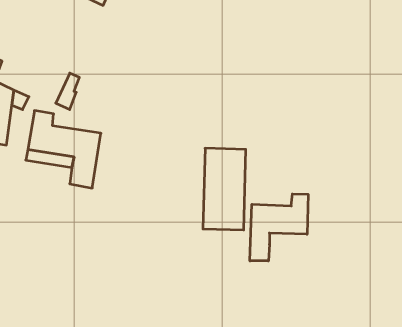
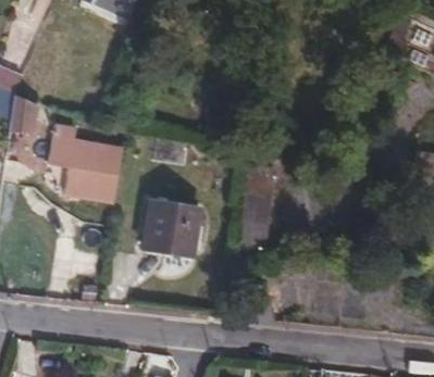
building: none -> [141,200,200,255]
building: [250,194,308,261] -> none

